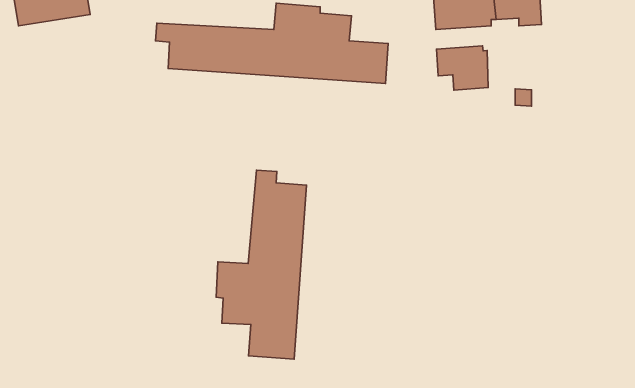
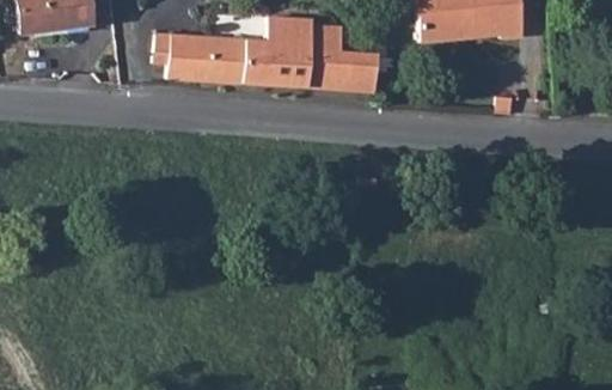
building: [437,46,488,90] -> none
building: [216,170,306,359] -> none

